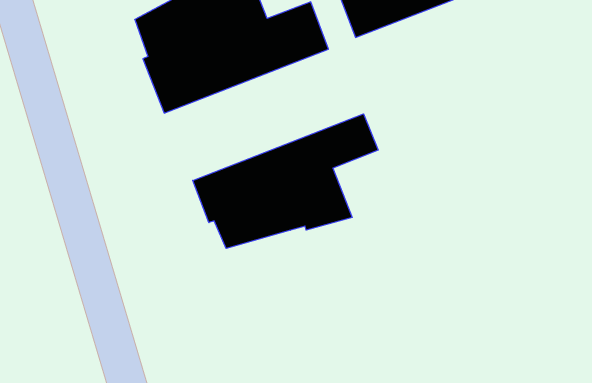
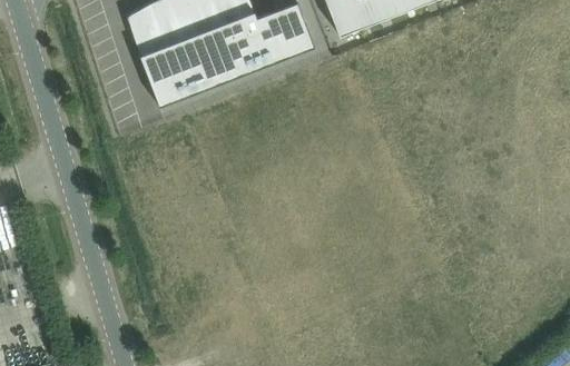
building: [193,114,378,248] -> none

